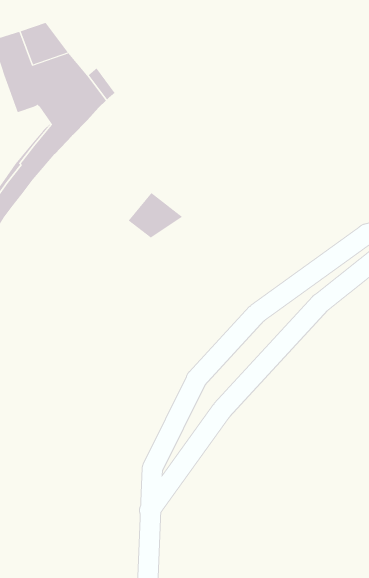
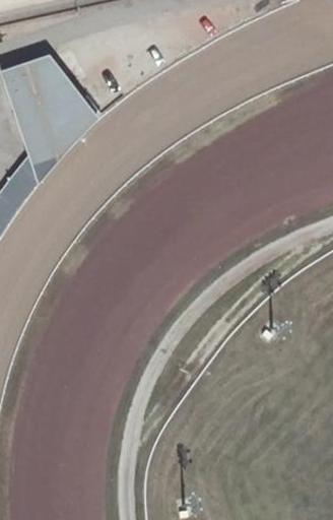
building: [128,192,183,238] -> none

